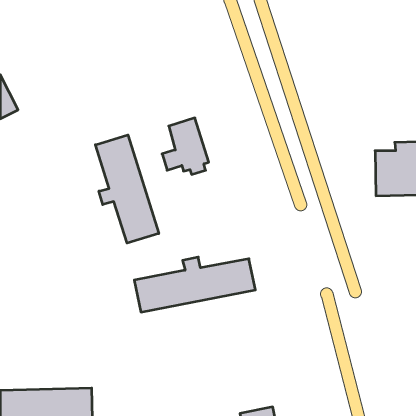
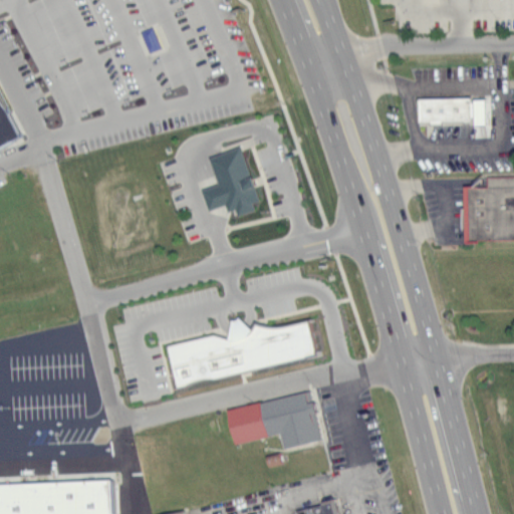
building: none -> [418,99,491,139]
building: [95,135,159,243] -> none
building: none -> [227,393,322,449]

